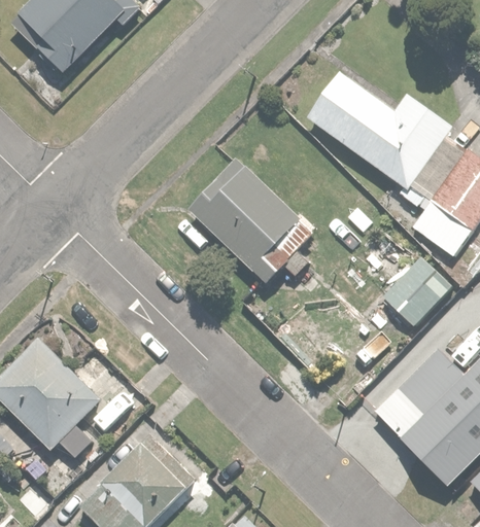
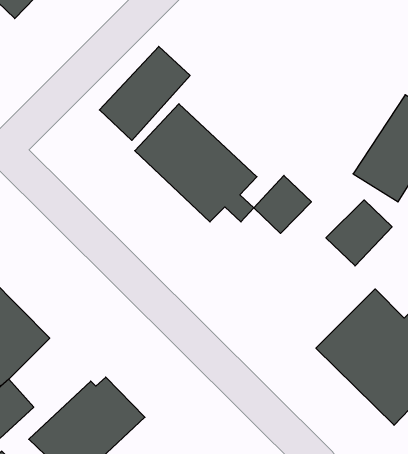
building: [304,69,456,192] -> none
building: none -> [99,46,190,140]
building: none -> [254,175,311,233]

